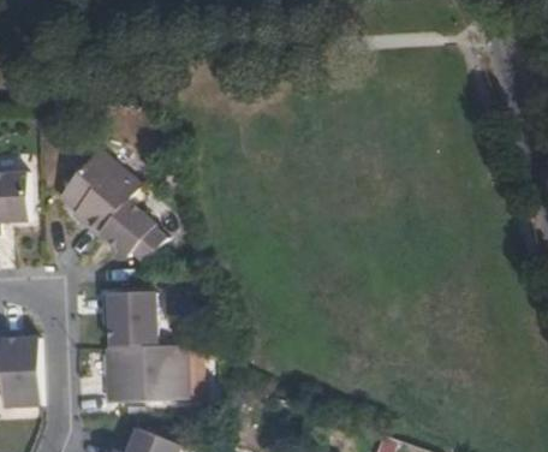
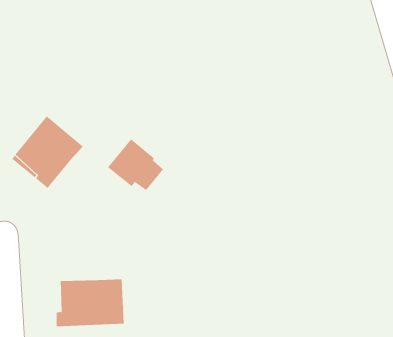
building: [100,200,166,261] -> [107,139,164,191]
building: [109,290,155,345] -> none

